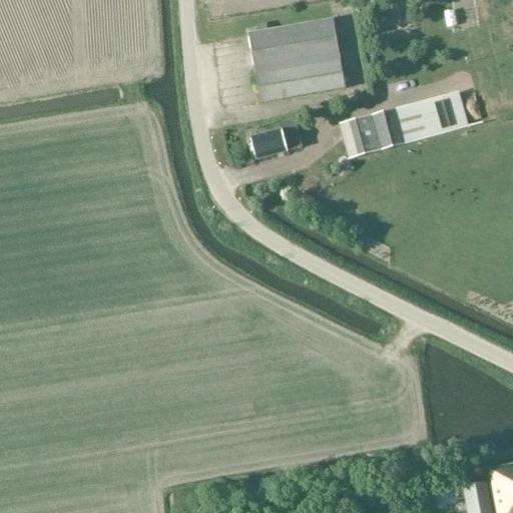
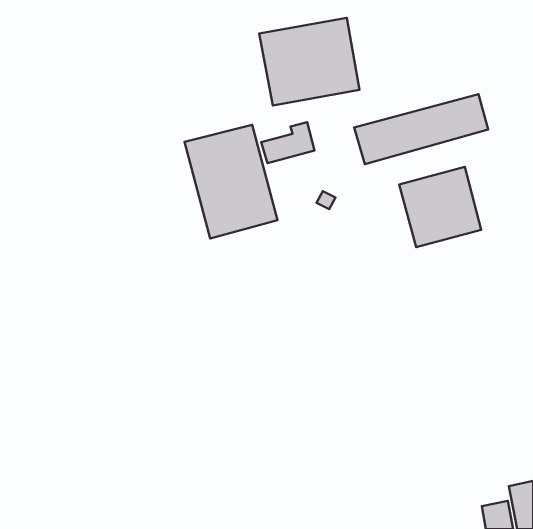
building: none -> [184,125,277,238]
building: none -> [399,167,481,247]

